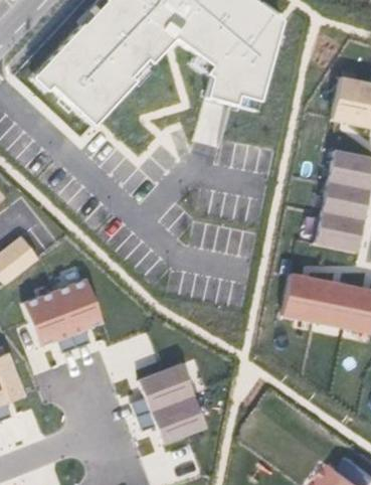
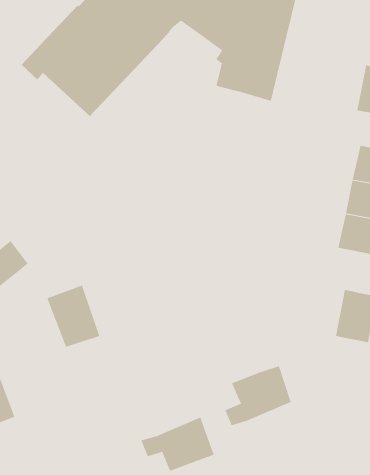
building: [283,274,322,322] -> none
building: [20,288,71,345] -> none
building: [133,361,193,416] -> [225,365,292,426]

